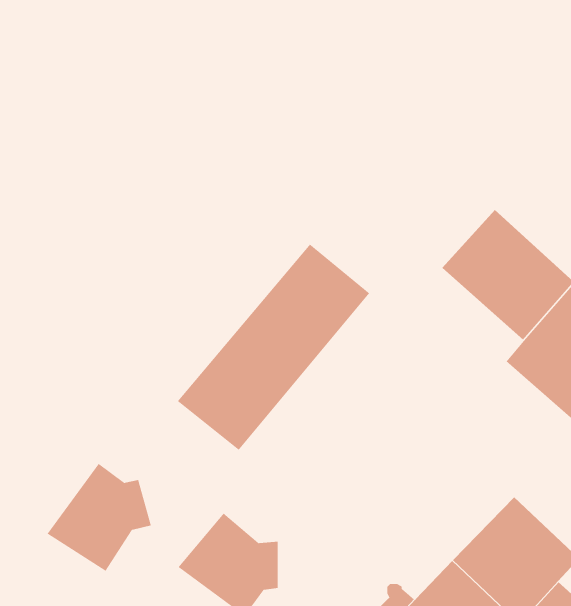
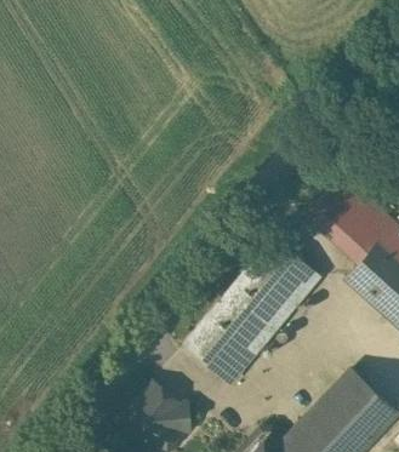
building: [177,243,370,451] -> [189,242,321,384]
building: [46,463,152,572] -> none

